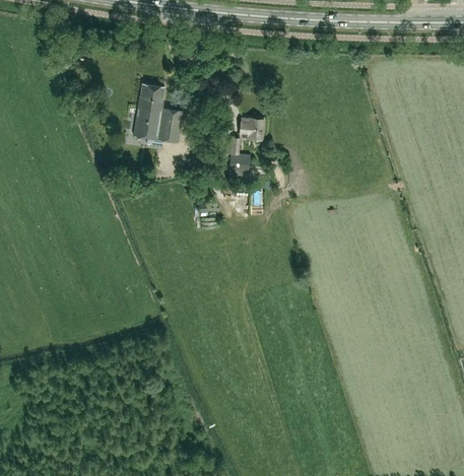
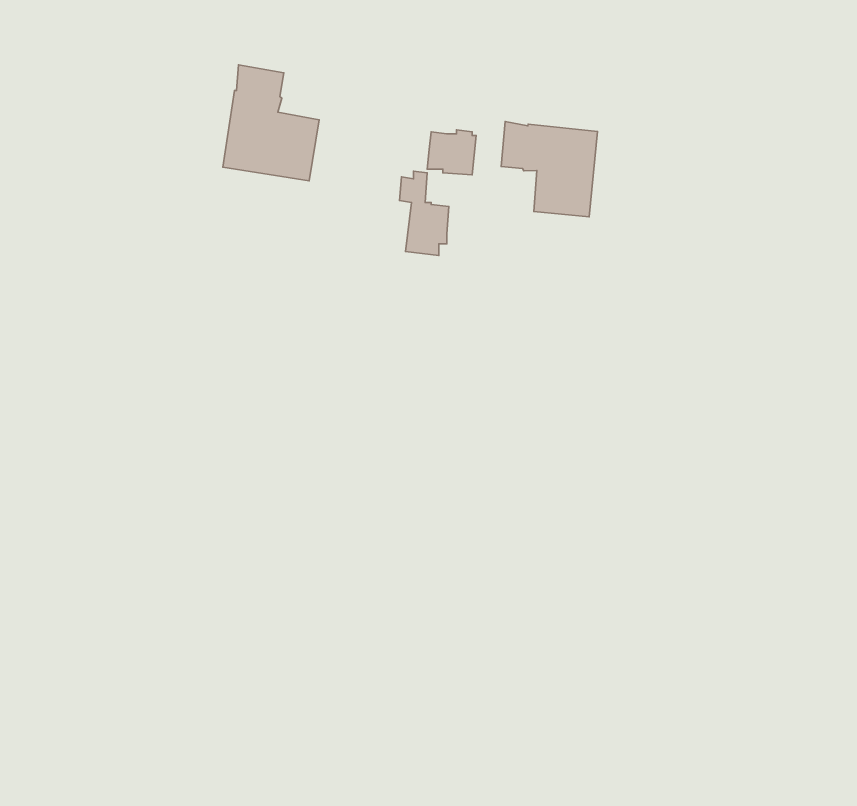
building: none -> [501,122,598,217]

